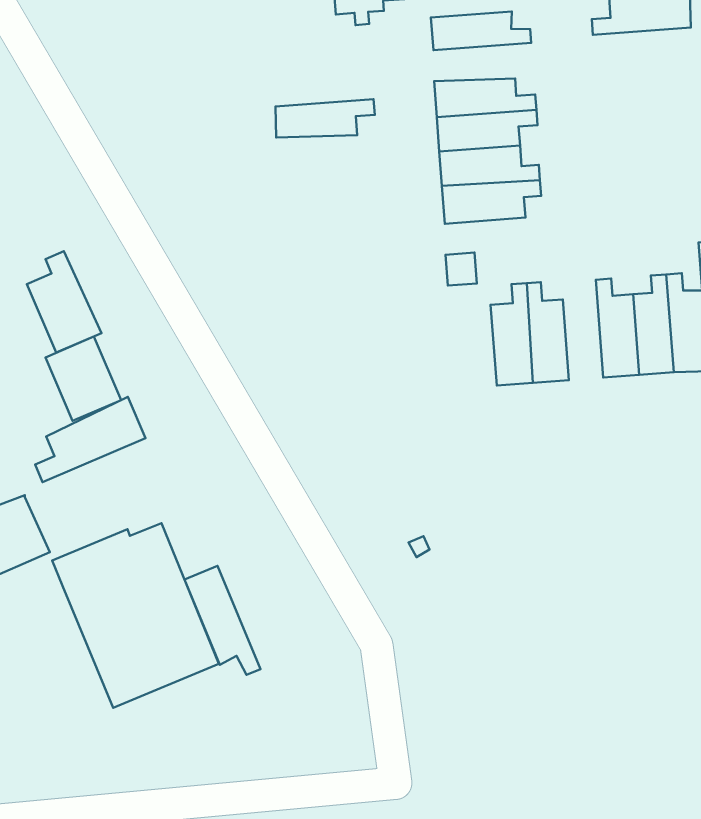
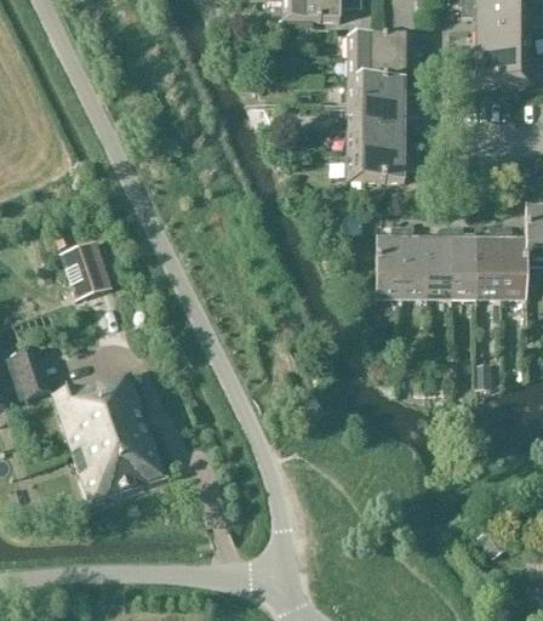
building: none -> [462,56,531,81]
building: [276,99,375,138] -> [348,58,418,82]
building: [27,251,102,353] -> none
building: none -> [427,228,451,297]
building: [35,397,146,482] -> none
building: [185,566,260,675] -> none

